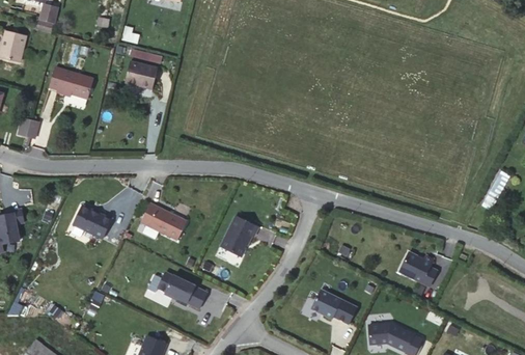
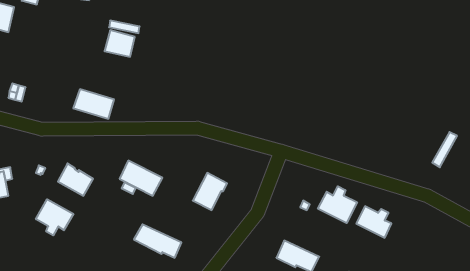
building: [49,66,93,99] -> [73,89,114,119]
building: none -> [318,186,357,223]
building: none -> [36,199,73,235]

